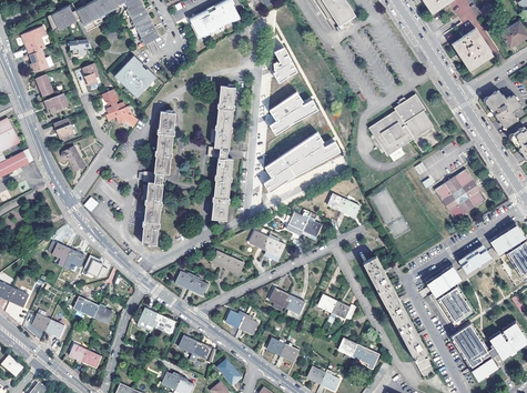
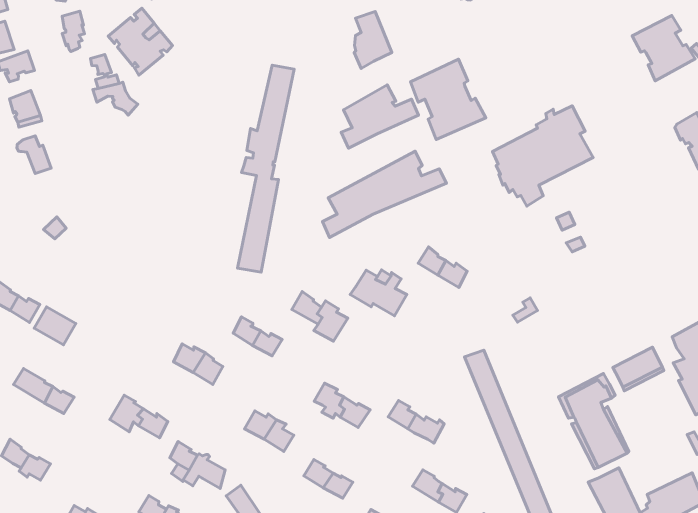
building: none -> [410,59,486,139]
building: [141,111,175,245] -> none
building: [435,169,486,219] -> none

